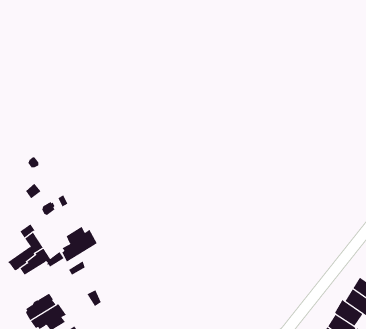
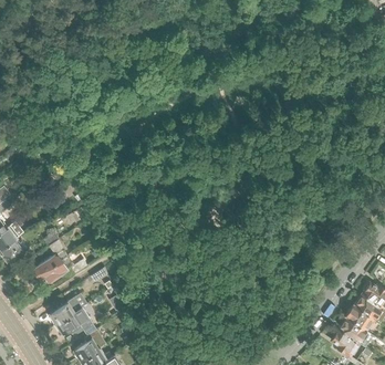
building: [61,226,97,263] -> none

